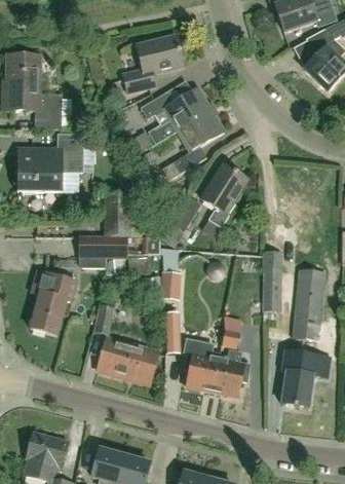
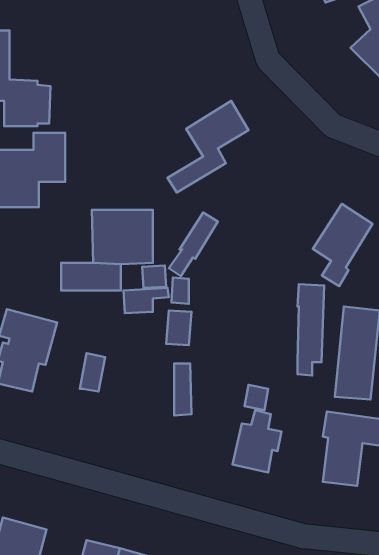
building: [122,36,183,91] -> none
building: [140,87,210,143] -> none
building: [201,163,247,227] -> [313,204,372,286]
building: [97,337,157,383] -> none
building: [183,338,220,390] -> none

